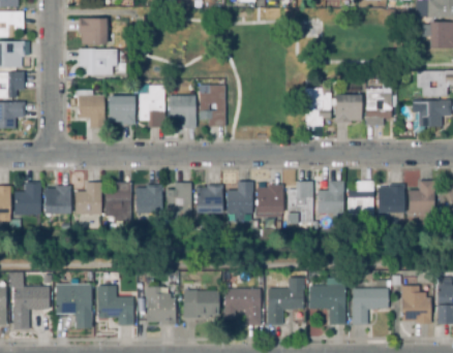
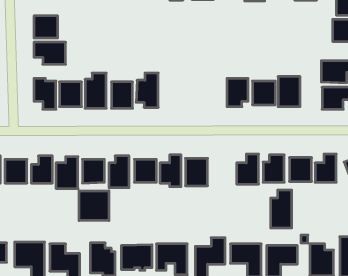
building: [288,182,312,226] -> [271,190,292,228]
building: none -> [79,191,109,221]

